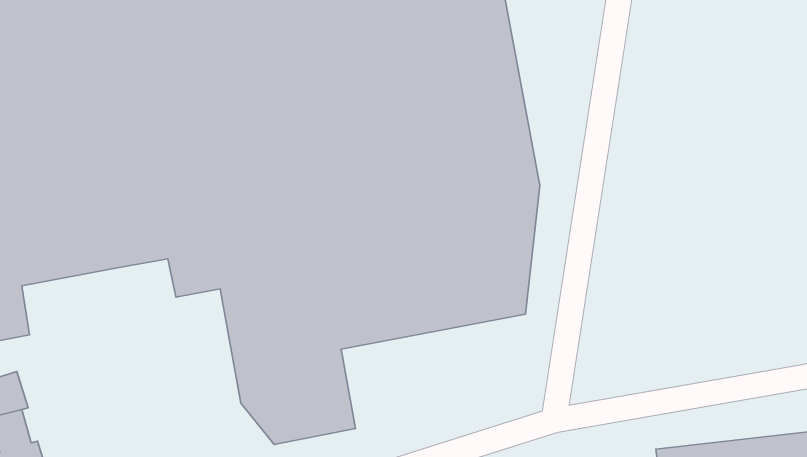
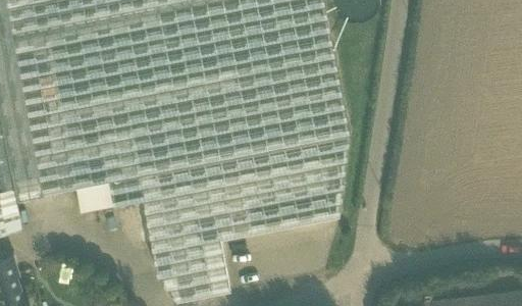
building: none -> [75,177,115,209]

